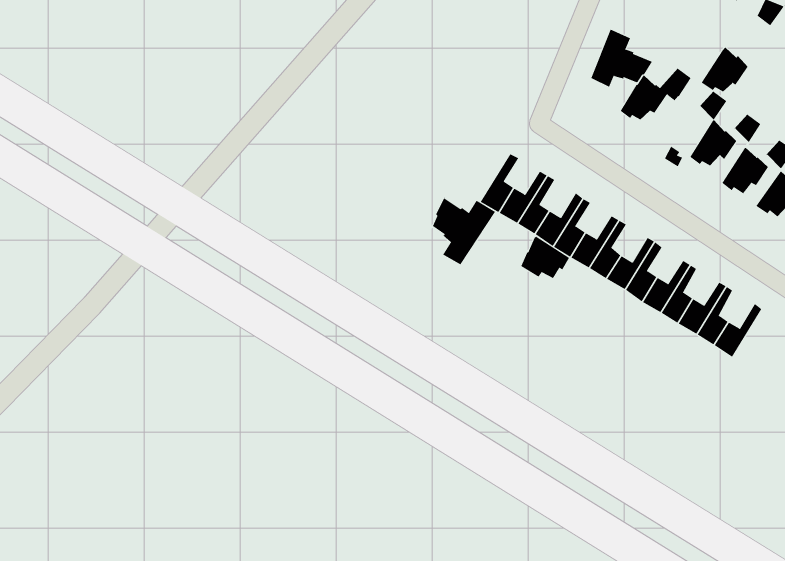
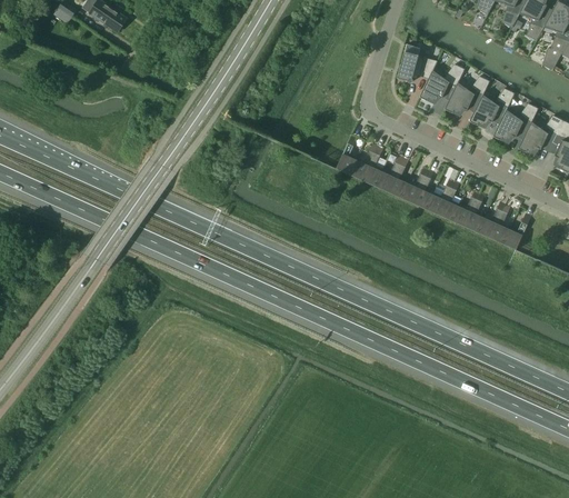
building: [701,45,748,92] -> [443,82,473,113]
building: [431,197,496,265] -> none
building: [520,236,570,279] -> none

